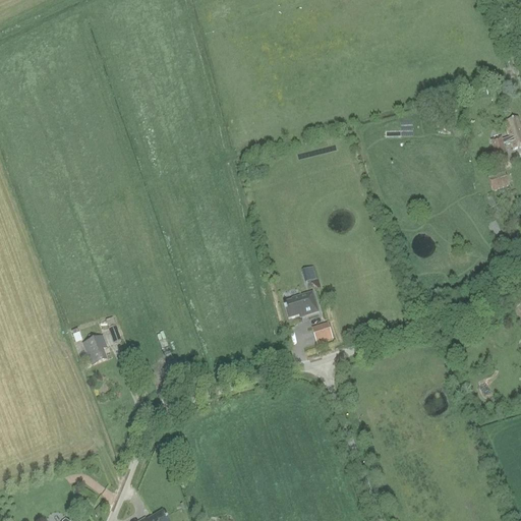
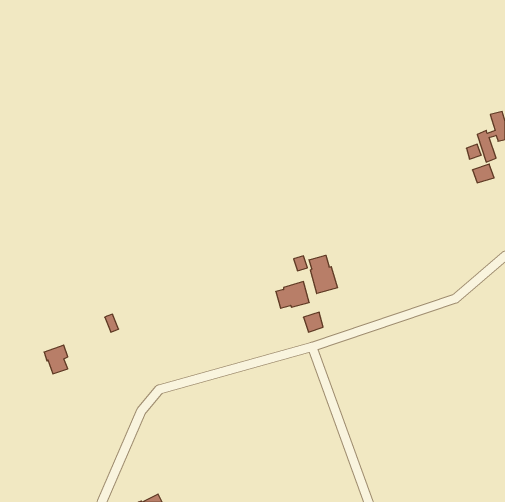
building: none -> [309,255,337,294]
building: [82,334,107,363] -> [44,345,68,374]

